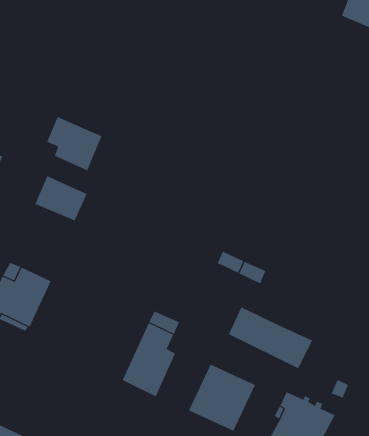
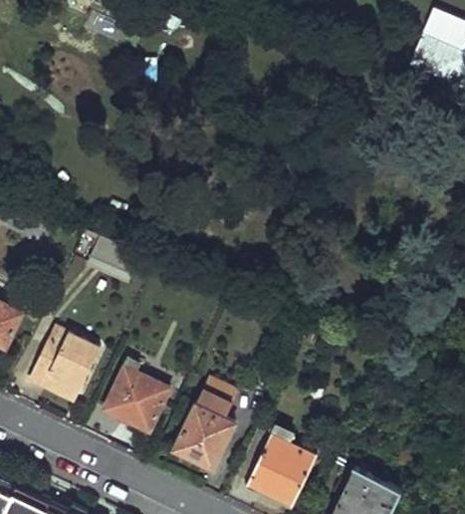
building: [46,116,102,171] -> none
building: none -> [102,367,172,433]
building: [228,307,313,369] -> none

